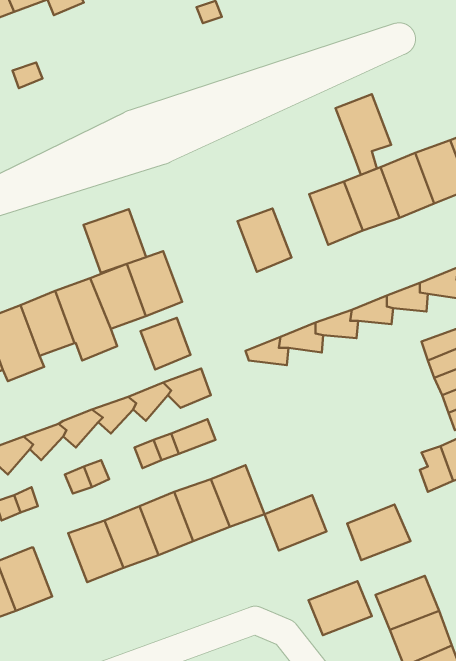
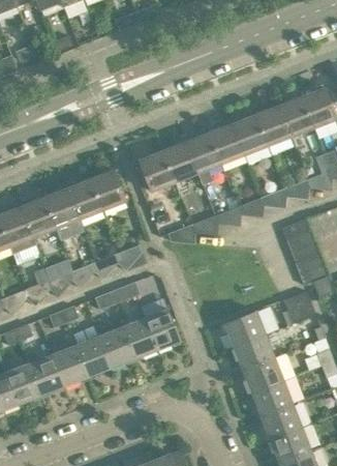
building: [336,94,391,175] -> [185,132,221,184]
building: [83,209,146,273] -> none
building: none -> [139,149,175,192]
building: [141,318,190,369] -> none
building: [265,495,326,551] -> [224,311,265,347]
building: none -> [25,350,64,395]
building: [308,581,372,635] -> [243,358,284,394]

